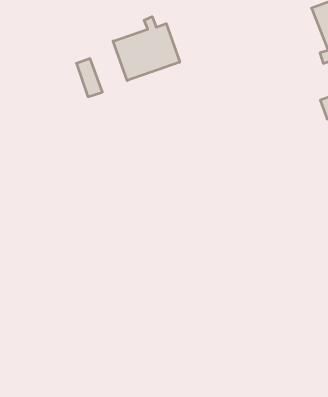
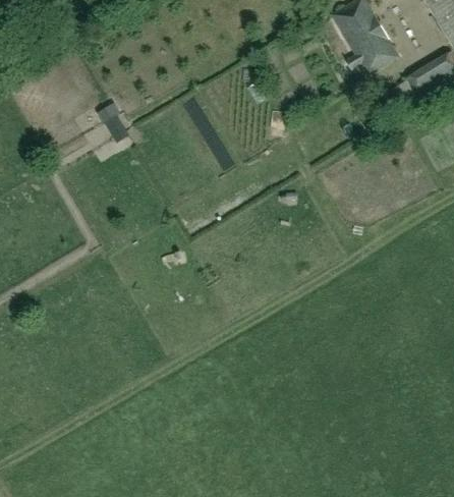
building: [113,17,180,81] -> none

